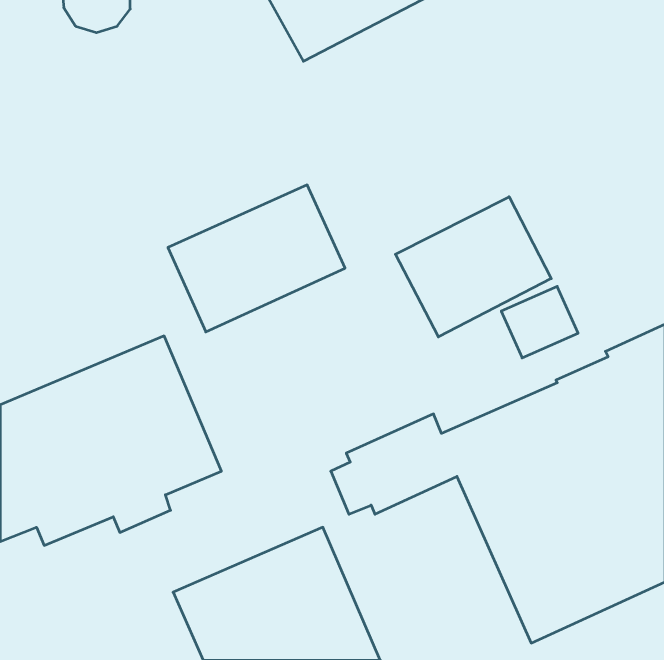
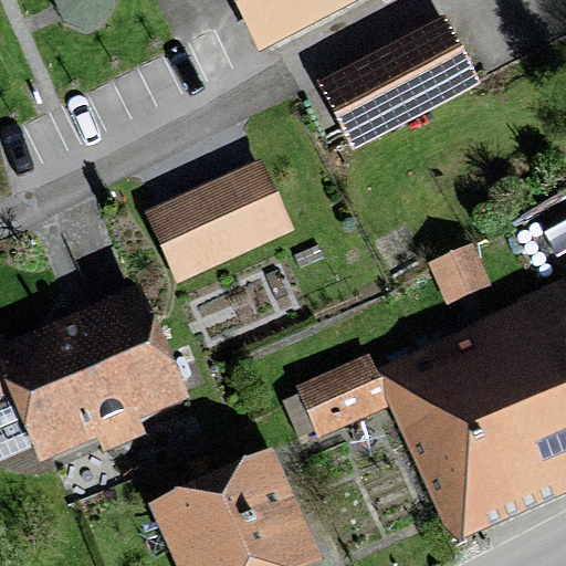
building: none -> [316,15,481,151]
building: [395,197,551,337] -> none

